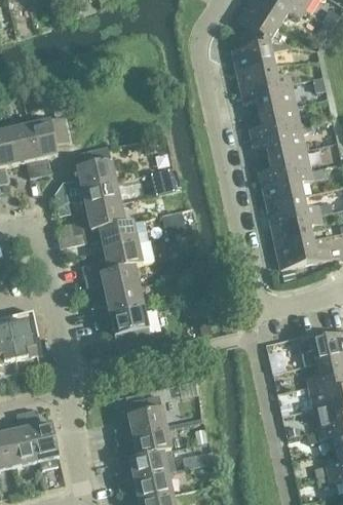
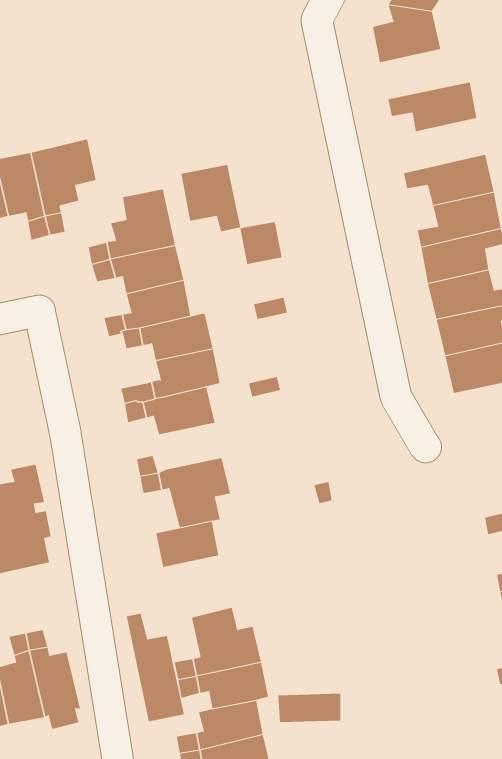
building: [237,63,292,92] -> none
building: [250,104,301,137] -> none
building: none -> [181,164,241,232]
building: [106,285,144,313] -> [156,521,219,568]
building: none -> [126,613,184,722]

